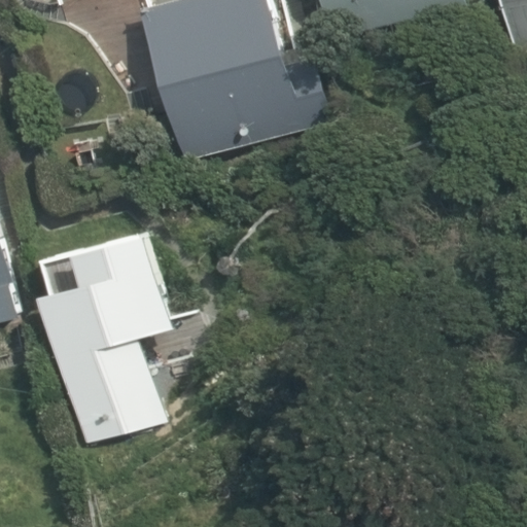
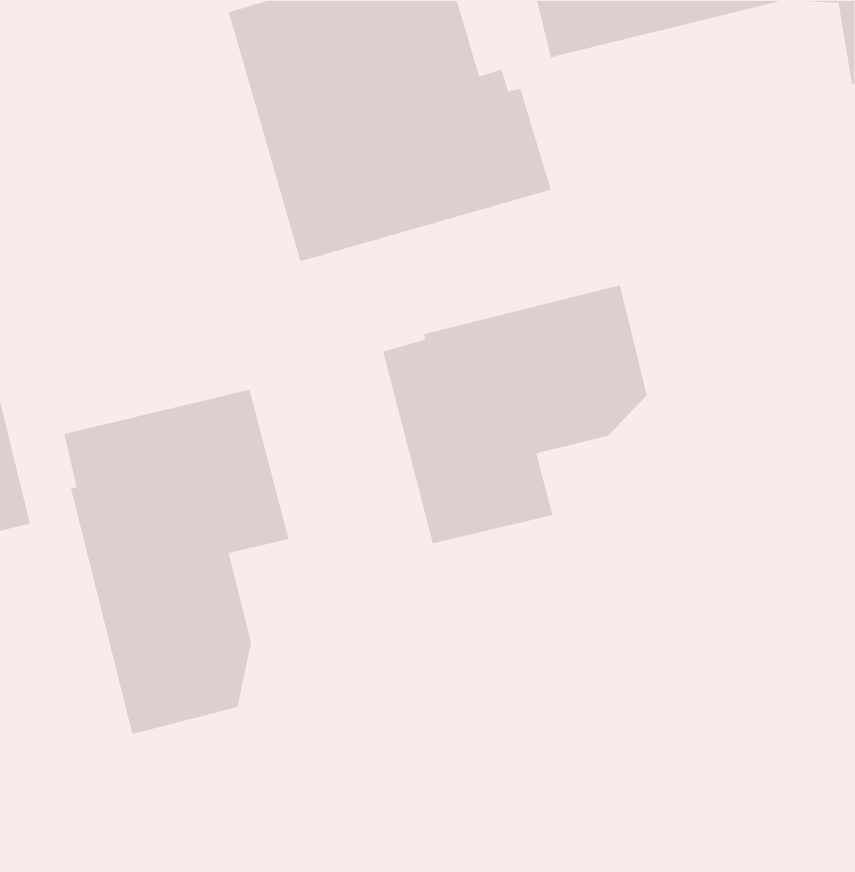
building: none -> [382,284,647,544]

